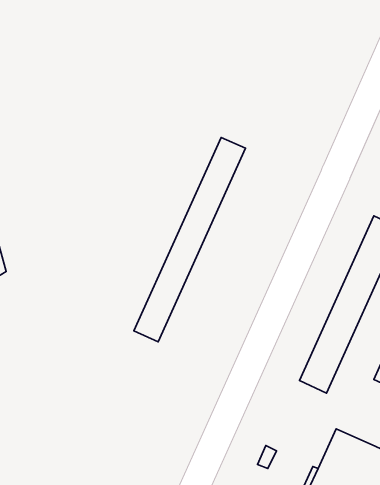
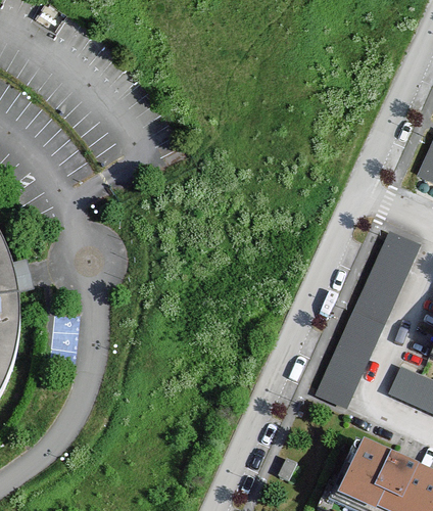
building: [134,138,246,342] -> none

